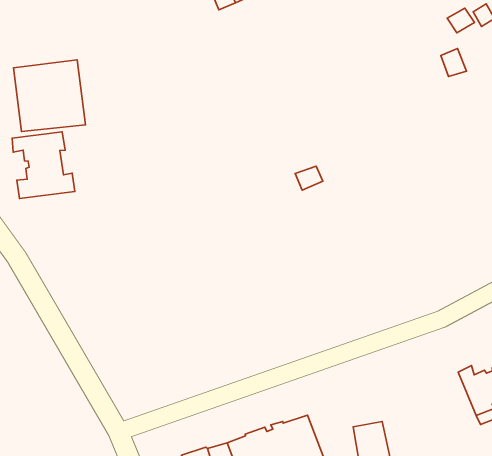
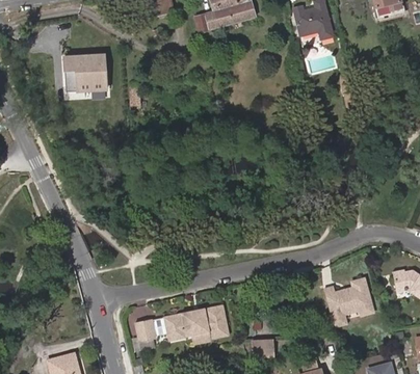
building: [12,132,75,198] -> none

